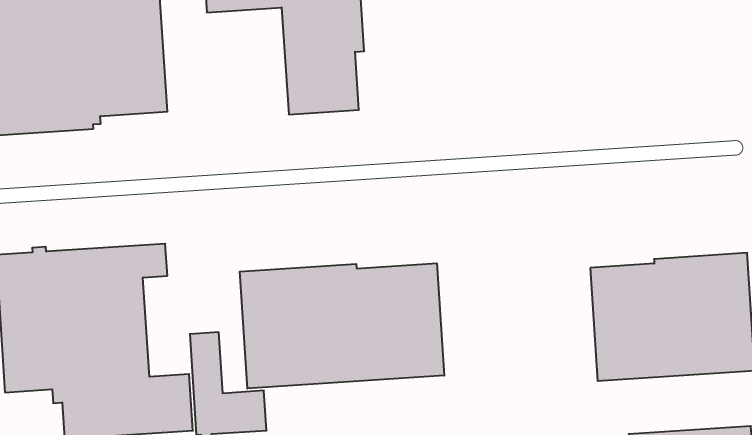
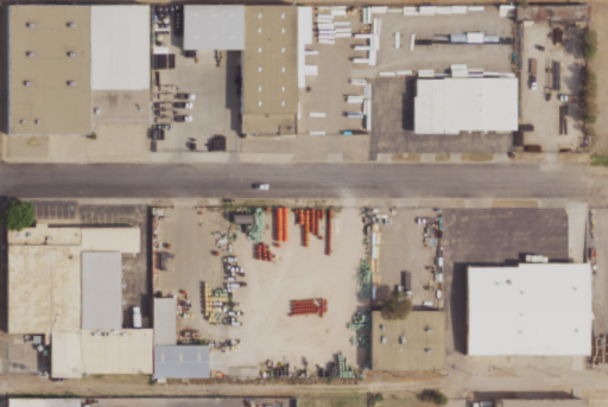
building: none -> [414,78,517,134]
building: [240,263,444,389] -> none
building: none -> [373,311,446,369]

